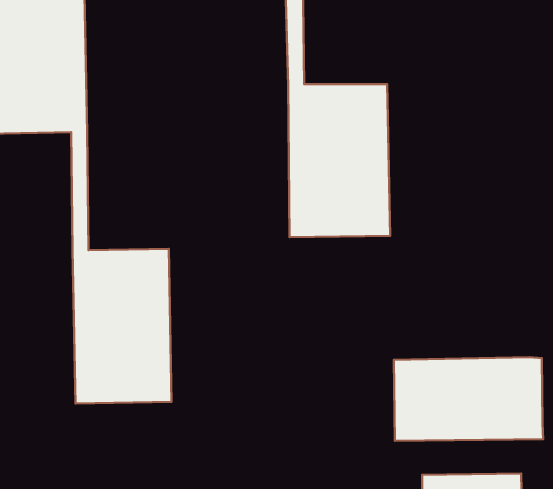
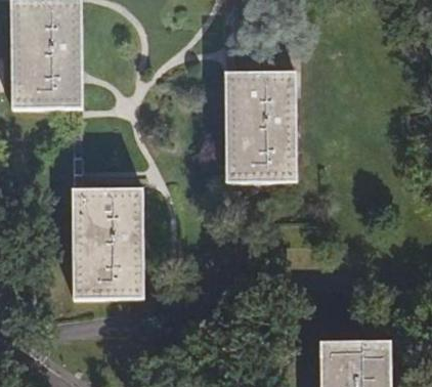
building: [394,357,543,441] -> none

